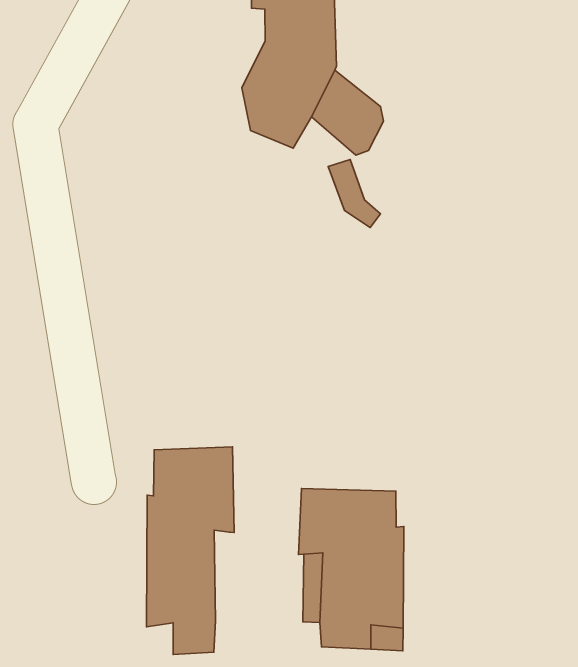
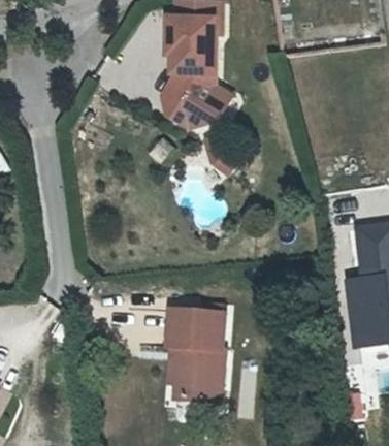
building: [146,447,234,655] -> none

